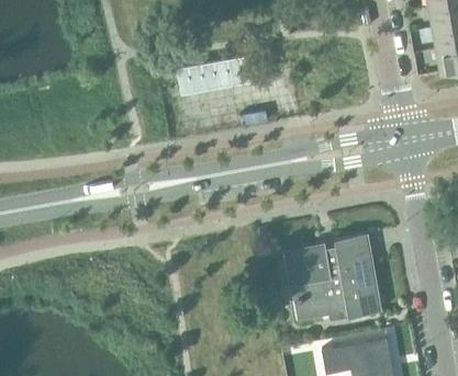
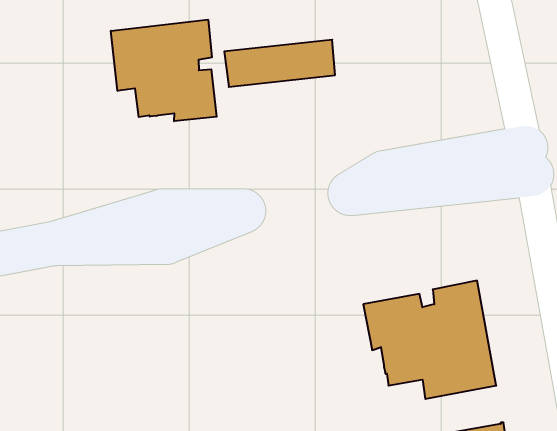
building: none -> [111,20,217,121]

